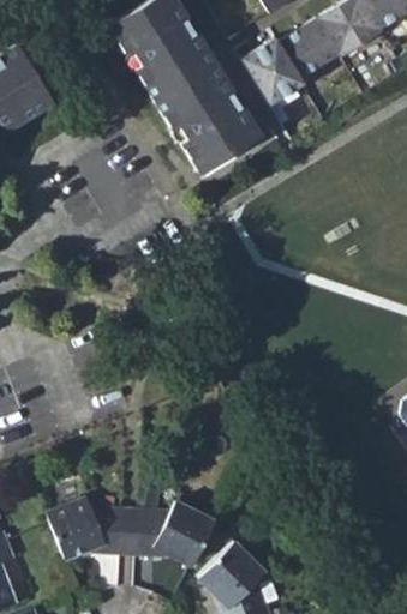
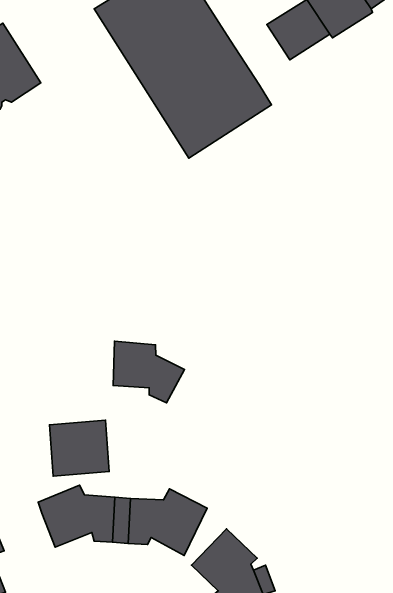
building: [241,38,304,103] -> none
building: none -> [113,341,184,403]
building: none -> [49,420,109,476]

